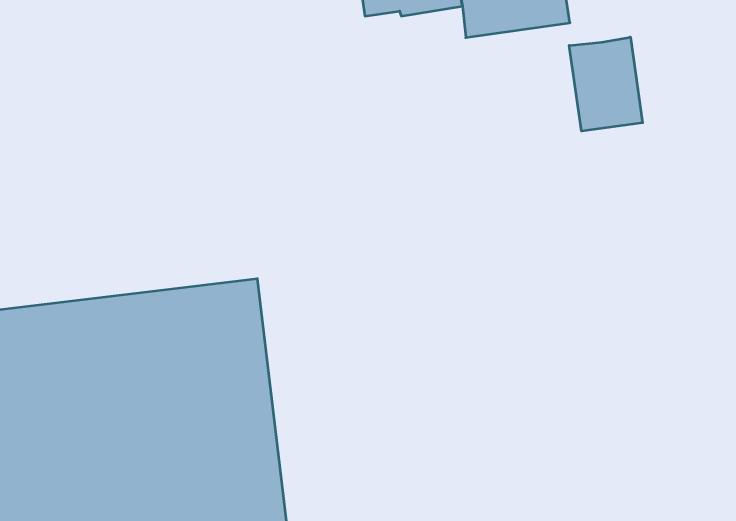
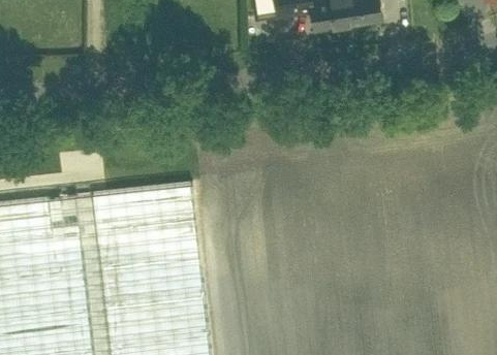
building: [569,37,643,131] -> none

